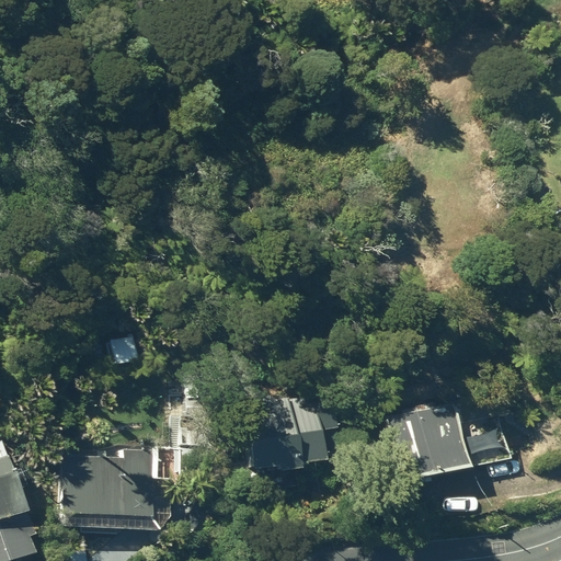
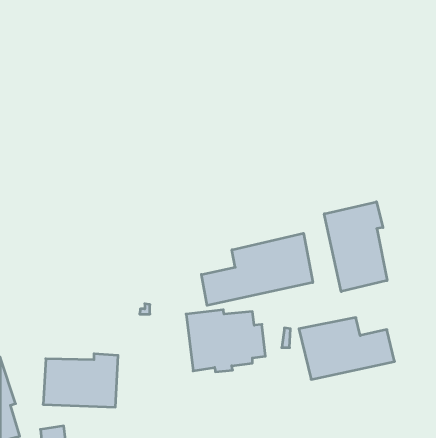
building: none -> [324,202,387,292]
building: none -> [201,233,313,305]

